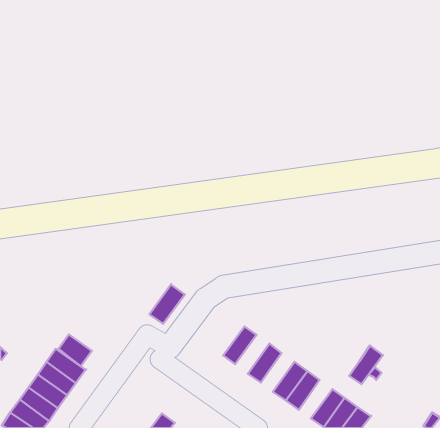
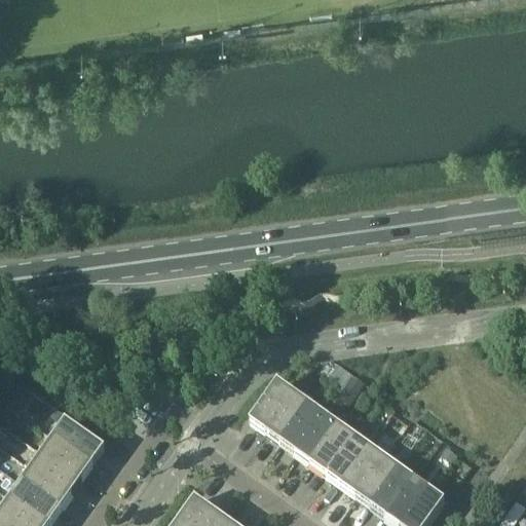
building: [149,284,185,324] -> [250,377,292,424]
building: [59,335,92,366] -> none
building: none -> [280,400,322,446]
building: [349,346,383,384] -> [356,453,397,499]
building: none -> [311,421,351,467]

